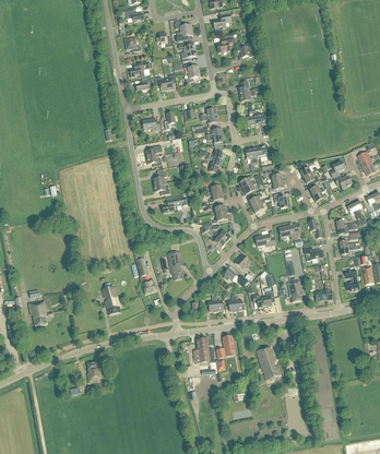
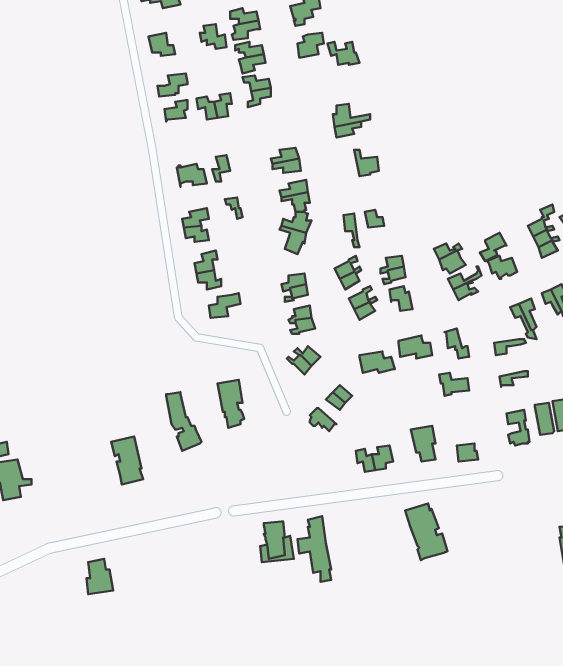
building: [254,345,281,380] -> [405,503,448,560]

